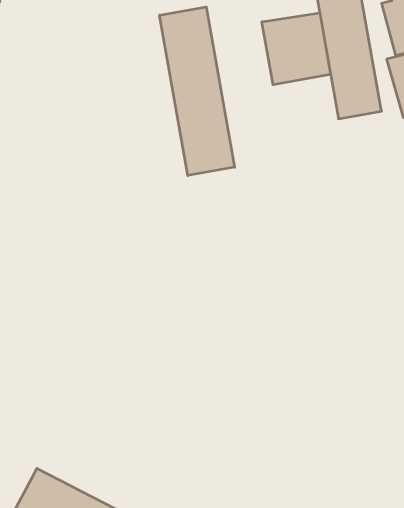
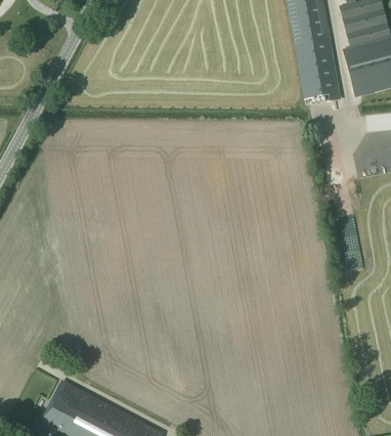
building: [160,7,235,176] -> none
building: [262,13,331,85] -> none

